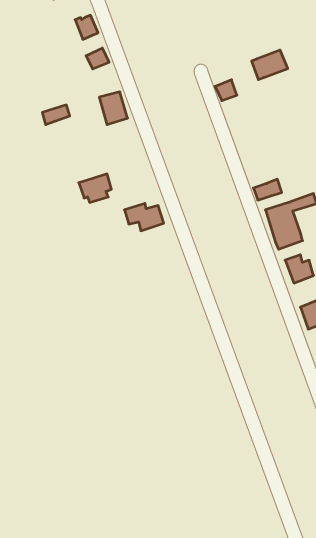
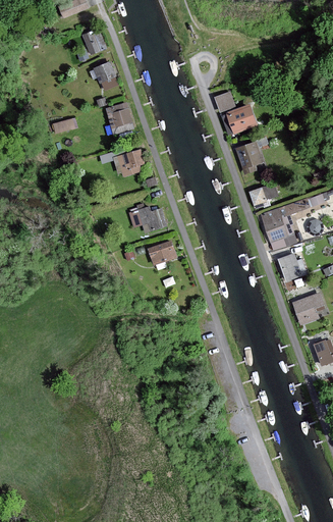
building: [252,50,288,80] -> [221,107,255,135]
building: none -> [235,138,267,173]
building: [79,174,111,202] -> [113,150,144,176]
building: none -> [148,242,175,265]

